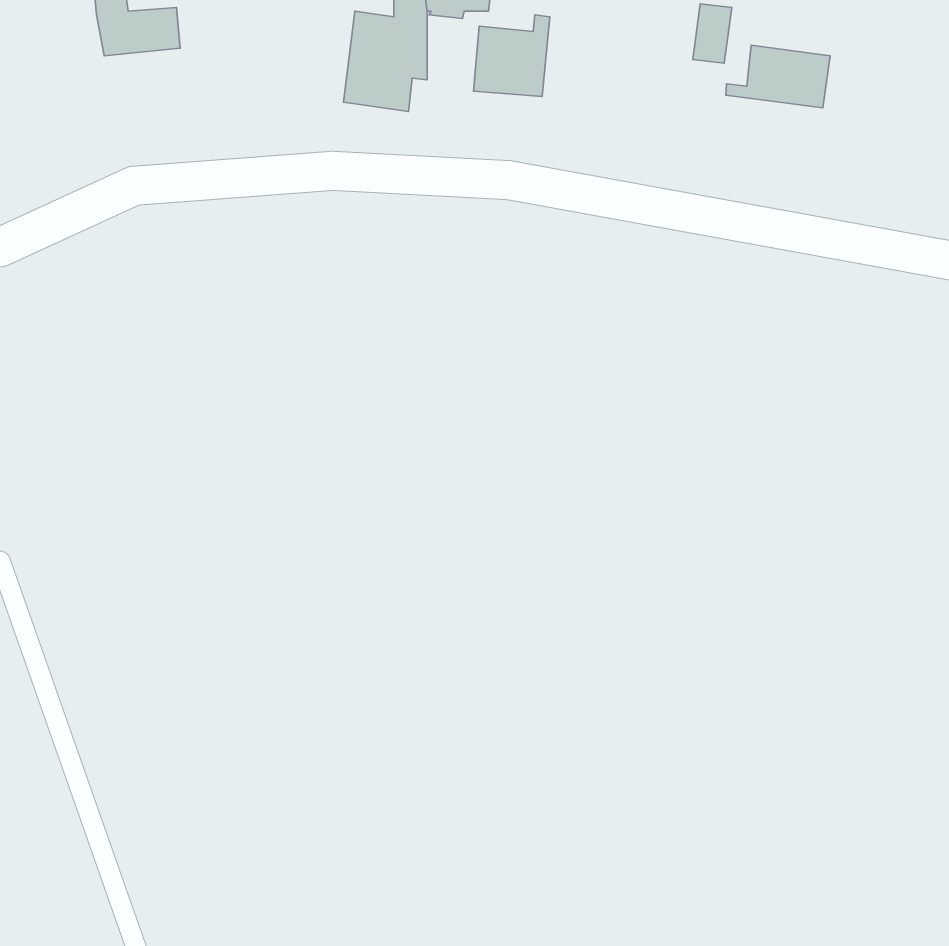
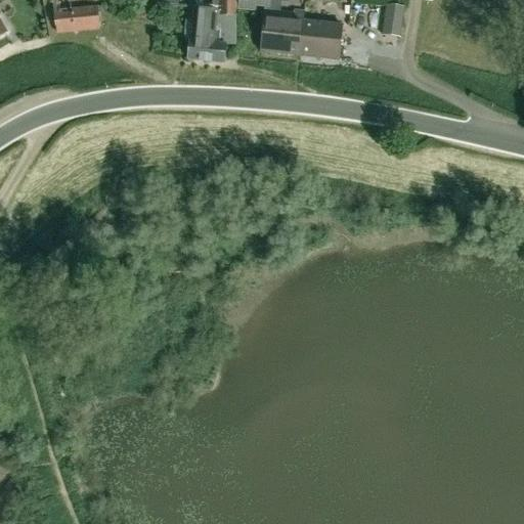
building: none -> [299,9,341,56]
building: [726,45,830,108] -> none

